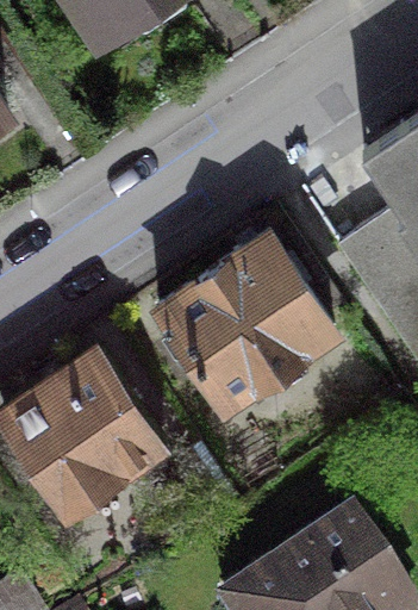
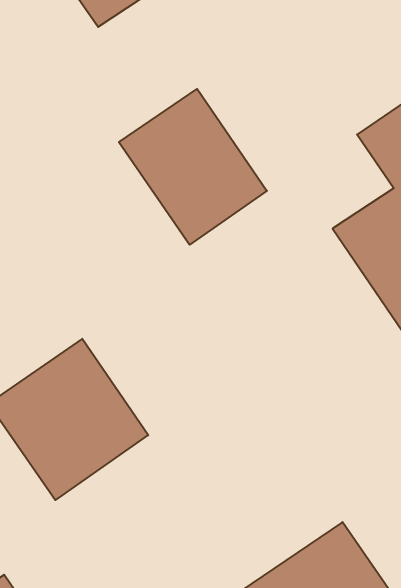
building: none -> [119,89,267,245]
building: [158,230,335,402] -> none

